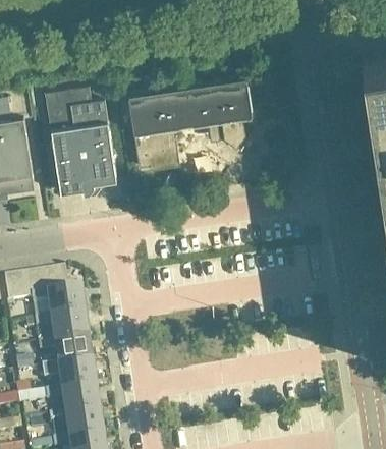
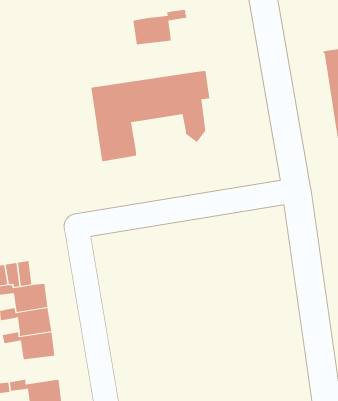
building: none -> [133,9,187,45]
building: [45,90,116,198] -> none
building: [42,367,96,396] -> none

